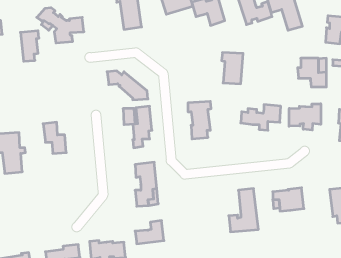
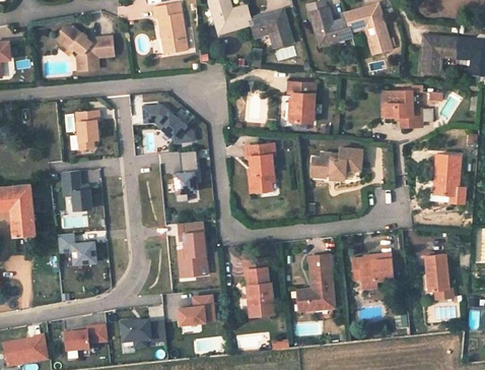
building: [20,31,39,61] -> [76,111,99,149]
building: [289,104,321,130] -> none
building: none -> [59,234,96,264]
building: none -> [246,259,274,315]

